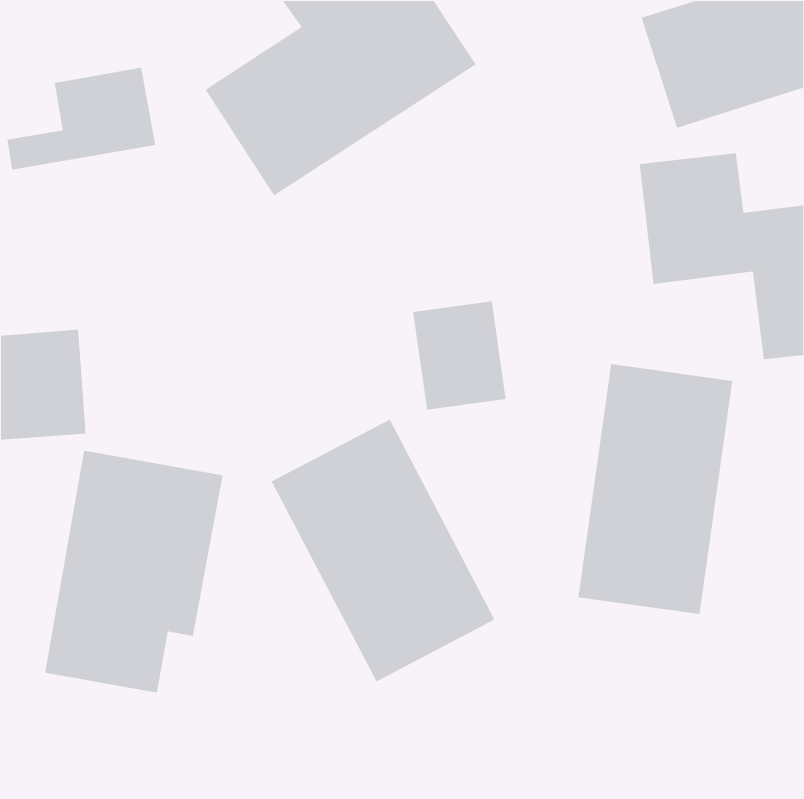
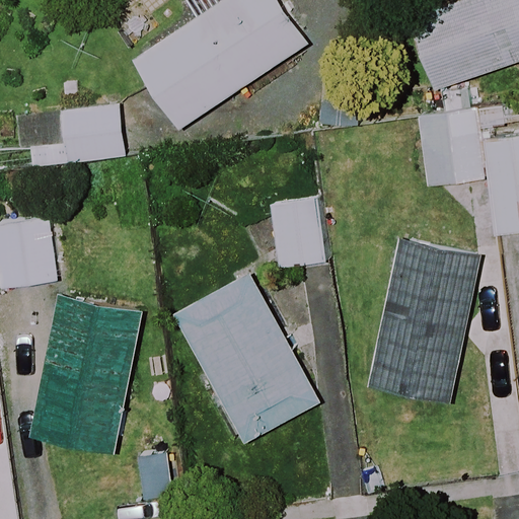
building: [7,67,156,171] -> [29,104,126,171]

